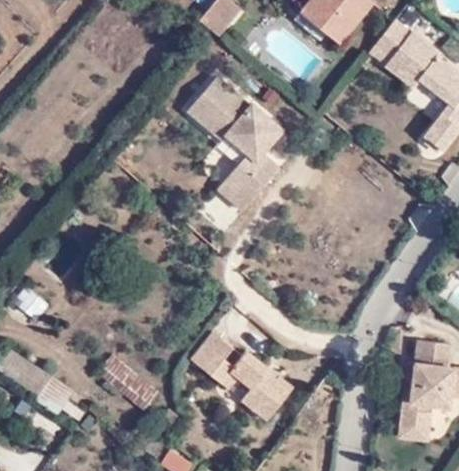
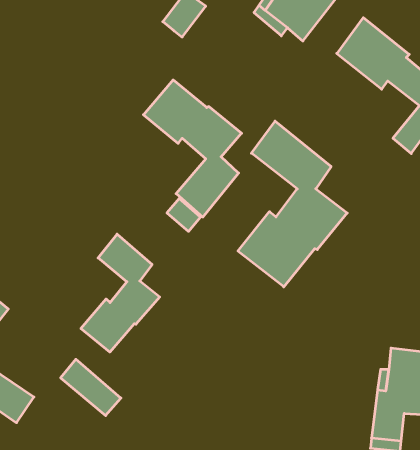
building: none -> [238,121,347,287]
building: none -> [81,234,160,352]
building: [194,329,298,419] -> none

